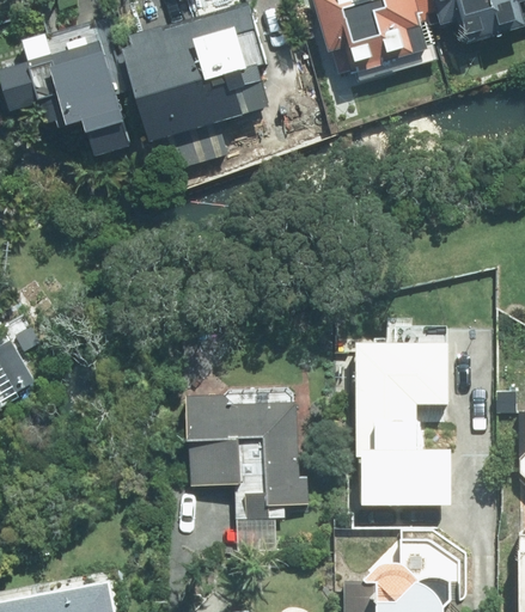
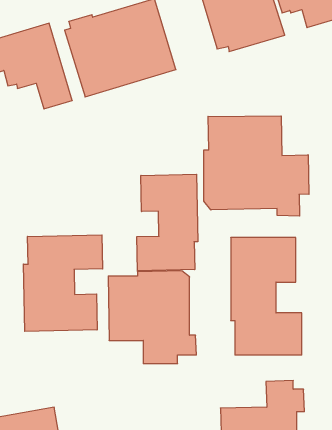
building: none -> [204,116,309,216]
building: none -> [137,174,198,271]
building: none -> [23,235,103,331]

